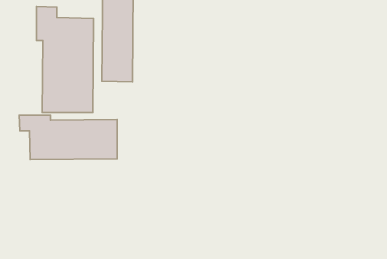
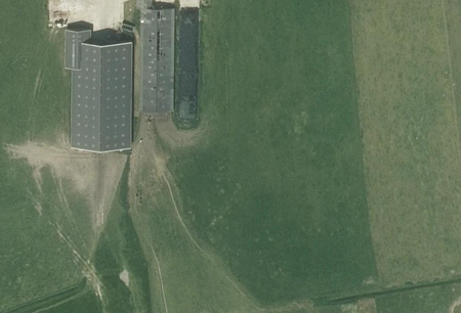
building: [19,115,117,160] -> none

